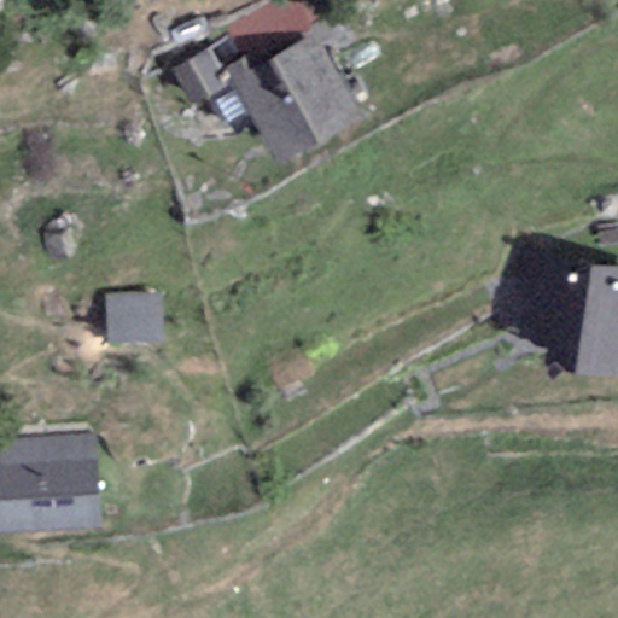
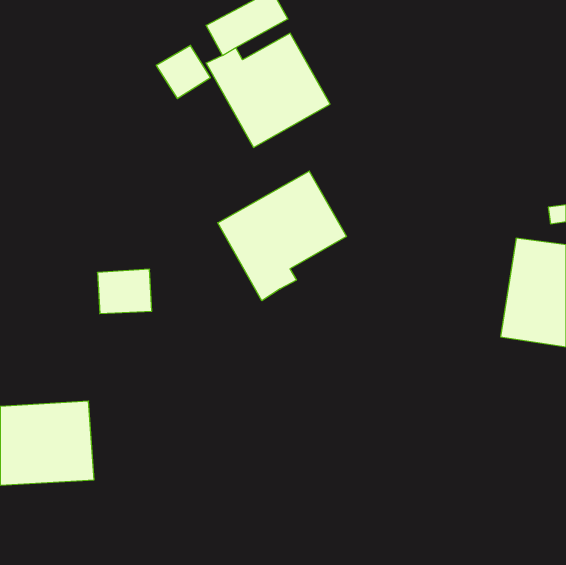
building: none -> [218,171,346,301]

